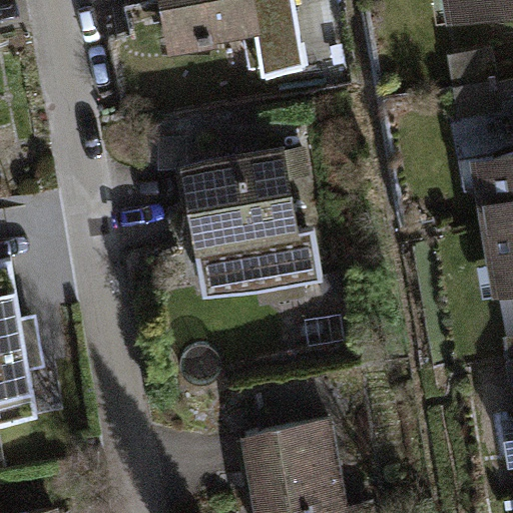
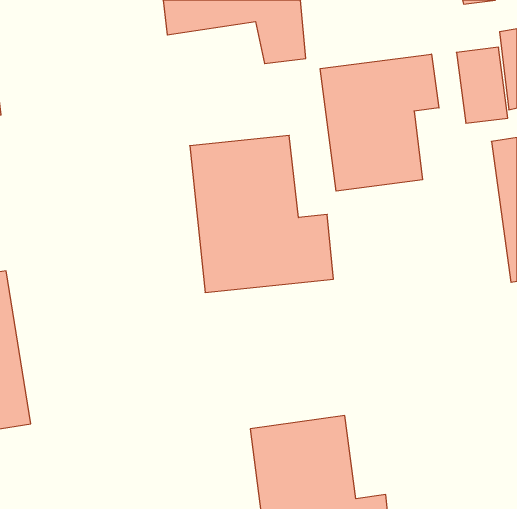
building: none -> [320,54,439,191]

